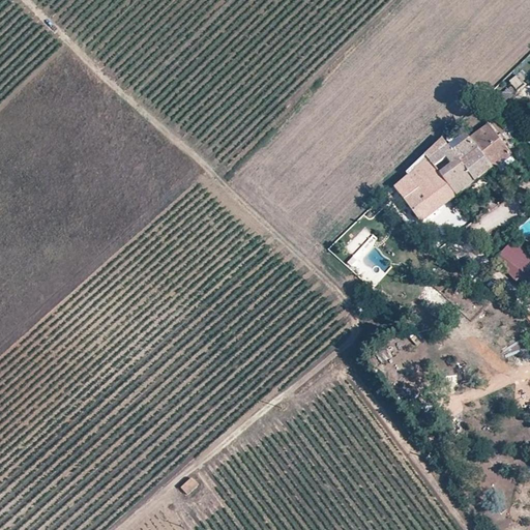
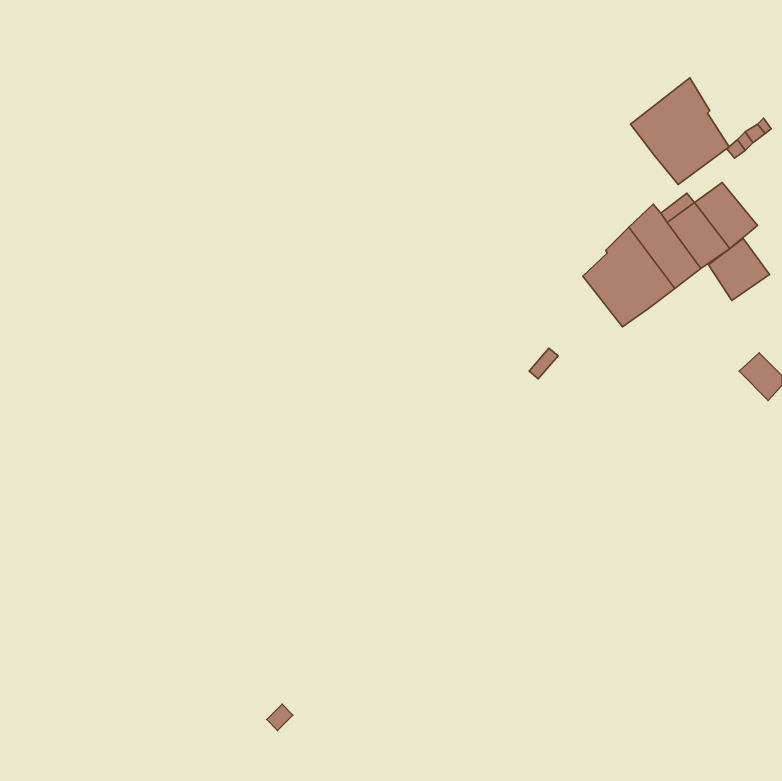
building: none -> [631,78,729,184]
building: none -> [709,238,770,301]

